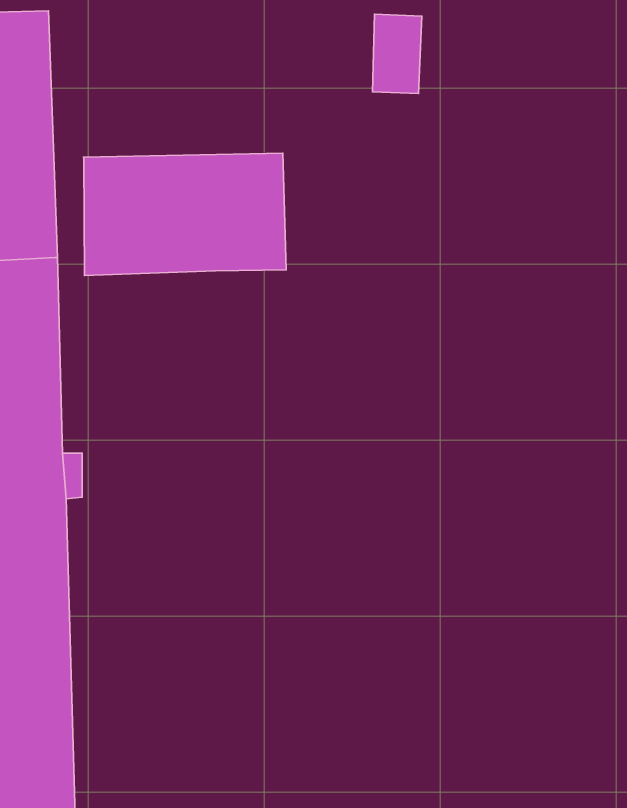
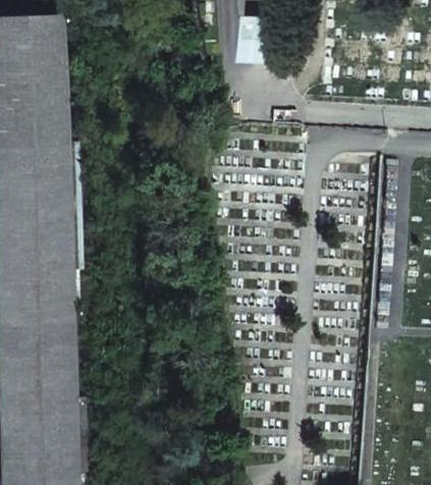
building: [84,153,286,275] -> none

